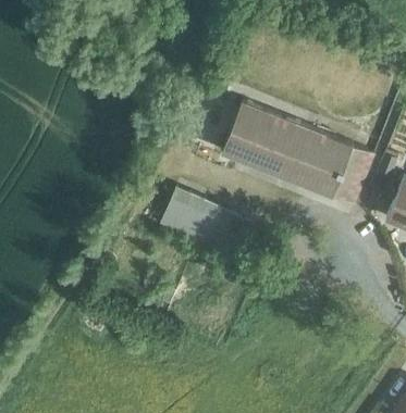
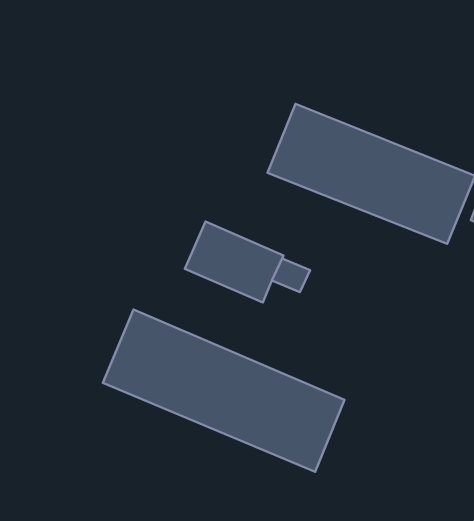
building: none -> [103,309,345,472]

